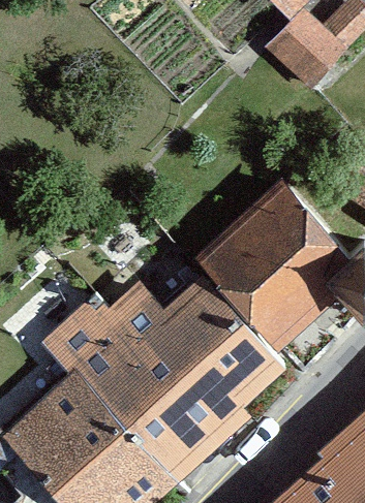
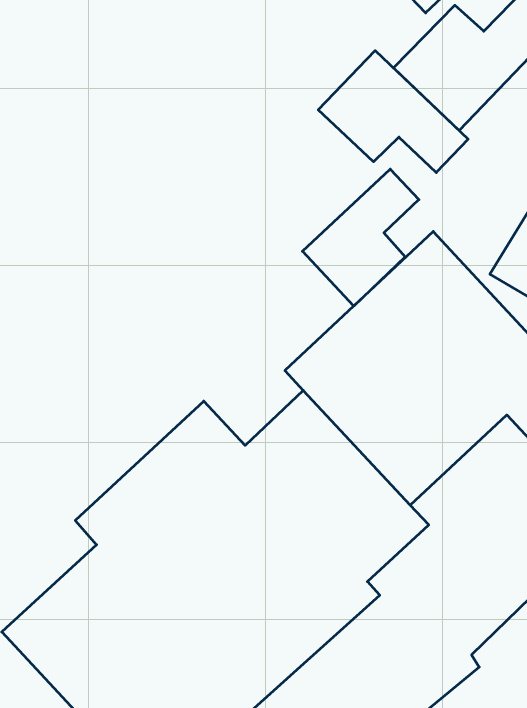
building: none -> [318,51,468,173]
building: none -> [302,169,419,306]

